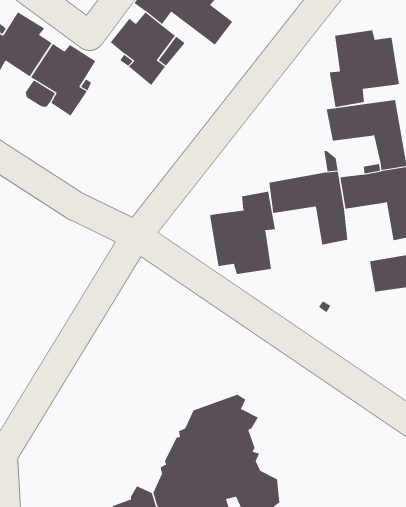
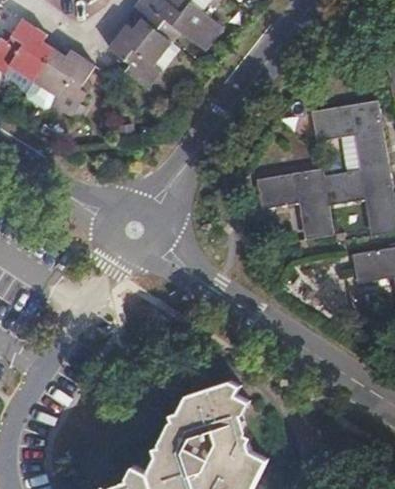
building: [329,30,399,108] -> none
building: [209,191,275,275] -> none

